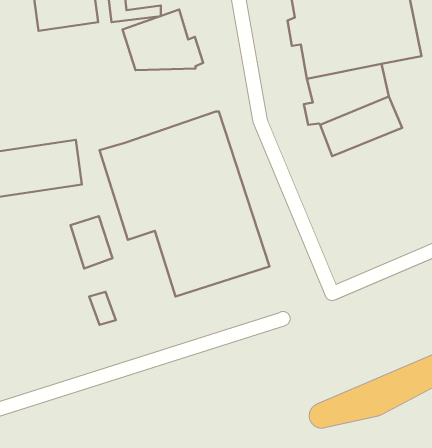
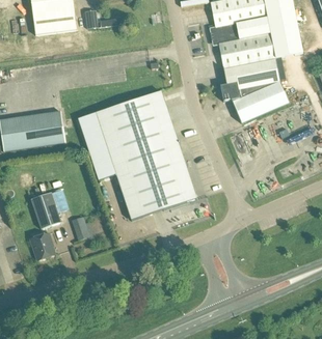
building: [123,10,203,70] -> none
building: [71,216,112,269] -> [31,192,60,228]
building: none -> [31,231,54,259]

